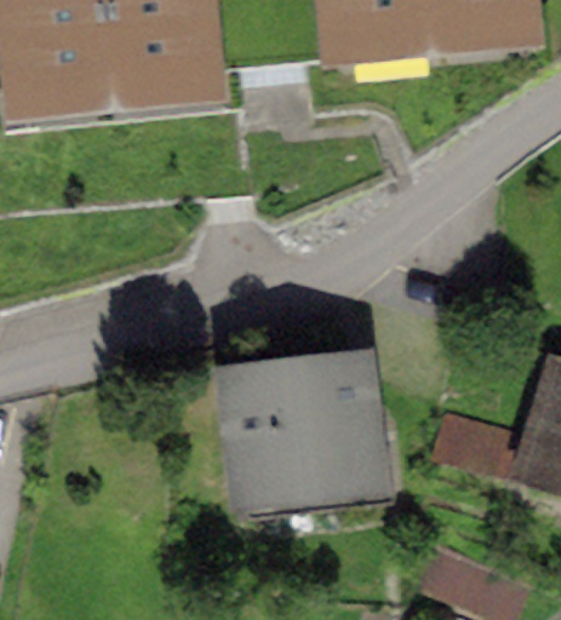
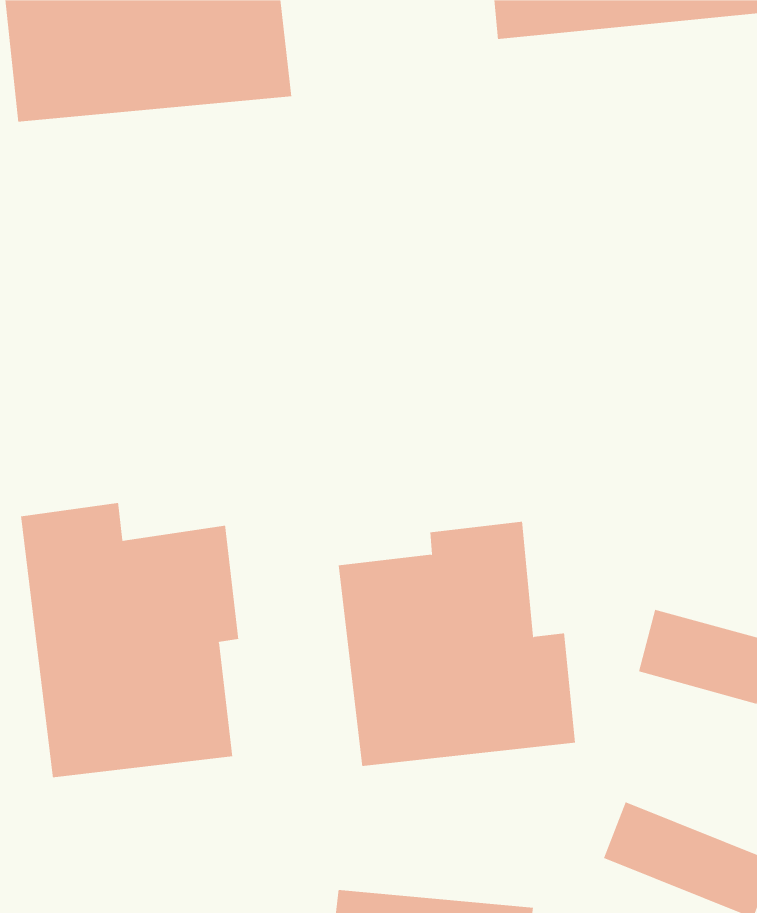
building: none -> [21,502,239,778]

